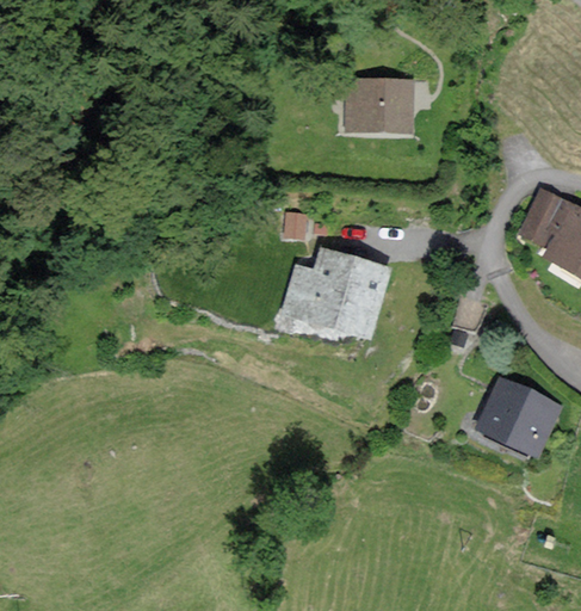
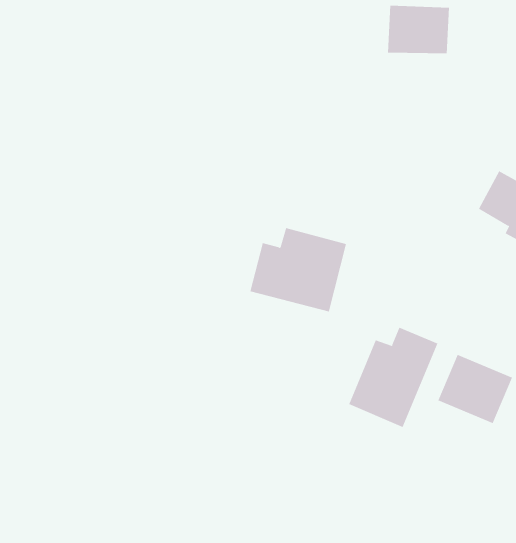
building: [347,80,412,130] -> [387,5,450,54]
building: none -> [348,327,438,428]

